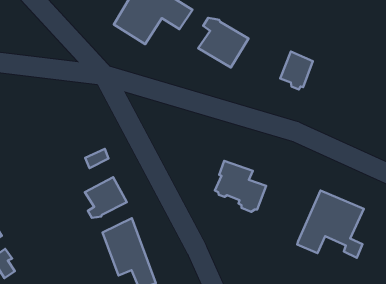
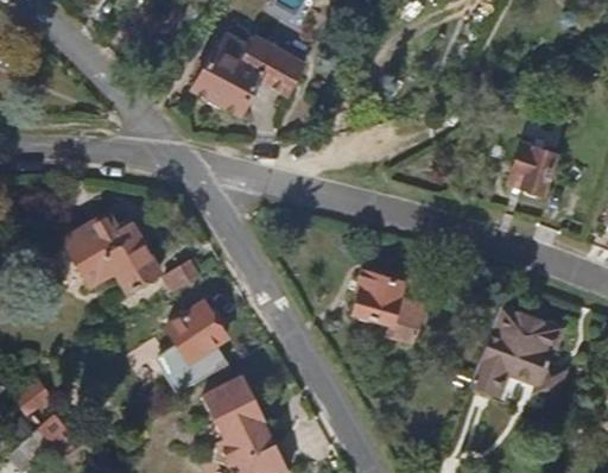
building: [198,18,249,68] -> none
building: [280,51,313,90] -> [509,144,555,197]
building: none -> [56,207,162,292]

